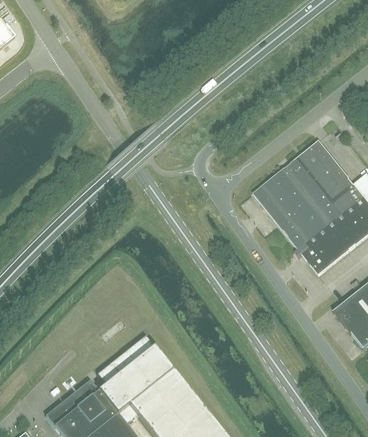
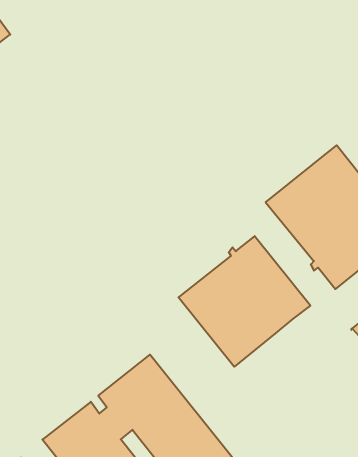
building: none -> [178,236,310,367]

